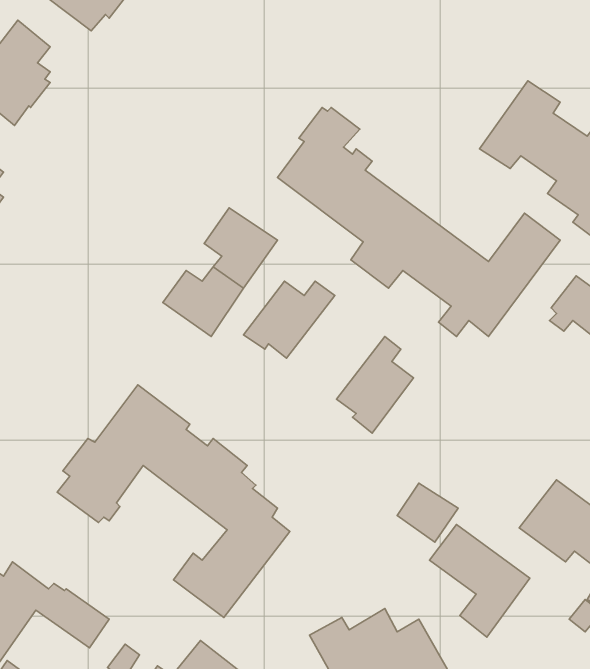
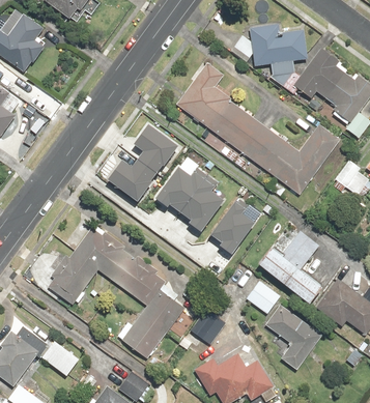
building: none -> [250,25,307,76]
building: none -> [181,172,226,228]
building: none -> [257,231,323,305]
building: none -> [194,312,225,345]

